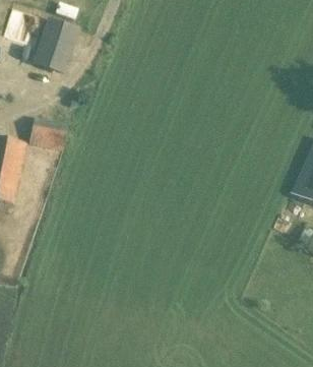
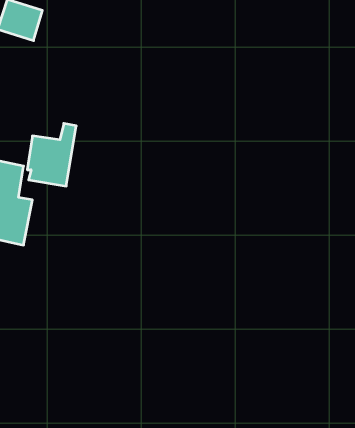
building: [30,15,77,72] -> none

